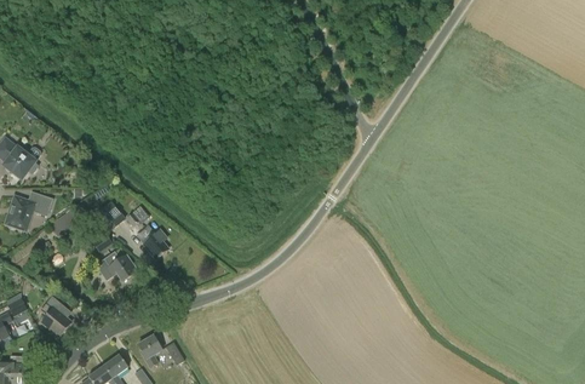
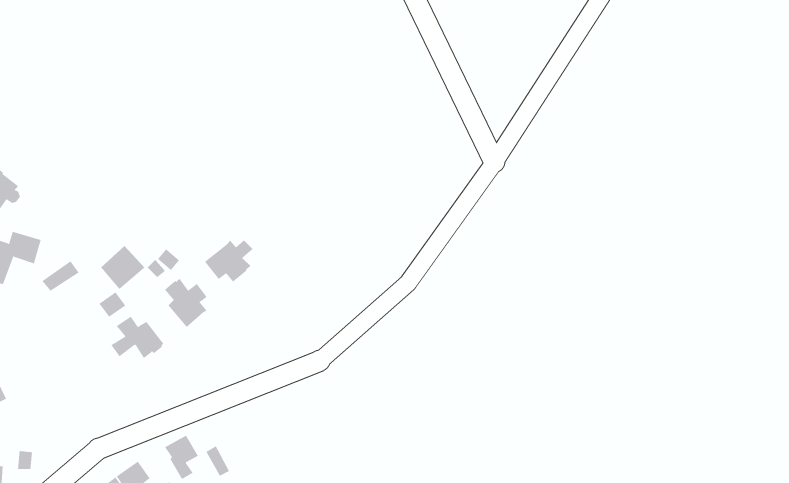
building: none -> [204,239,254,283]
building: [41,296,73,336] -> none

